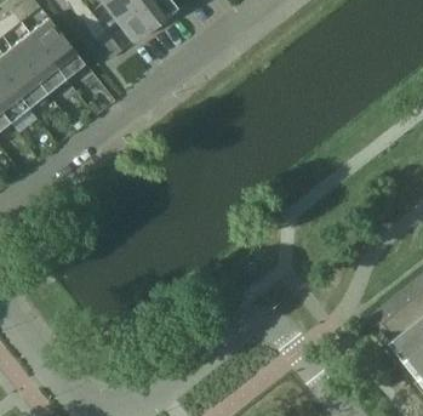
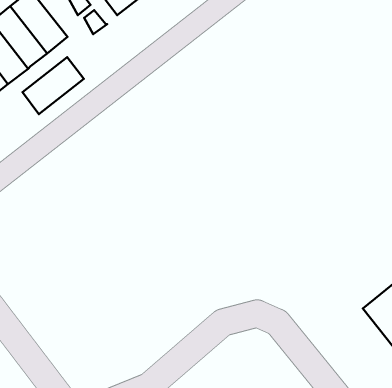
building: none -> [22,57,84,114]

